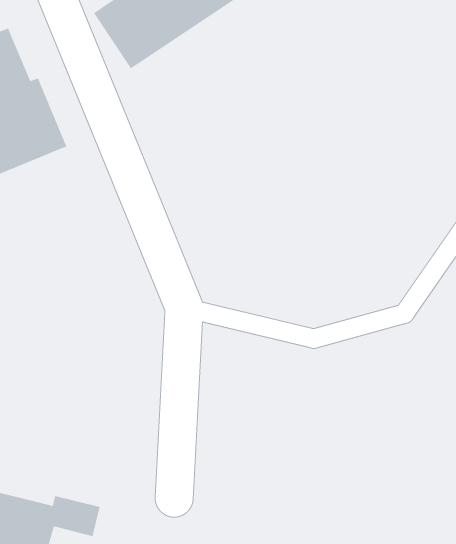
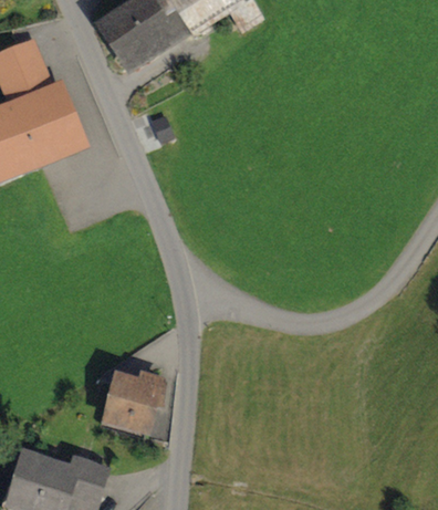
building: none -> [94,376,155,433]

